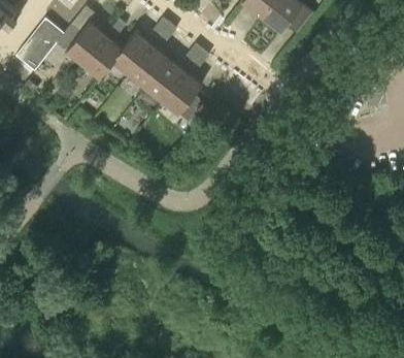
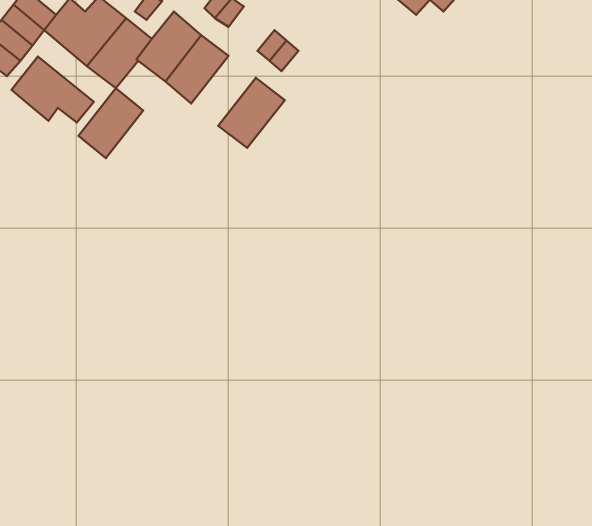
building: [145,60,184,102] -> [78,88,143,158]
building: none -> [11,56,94,123]

